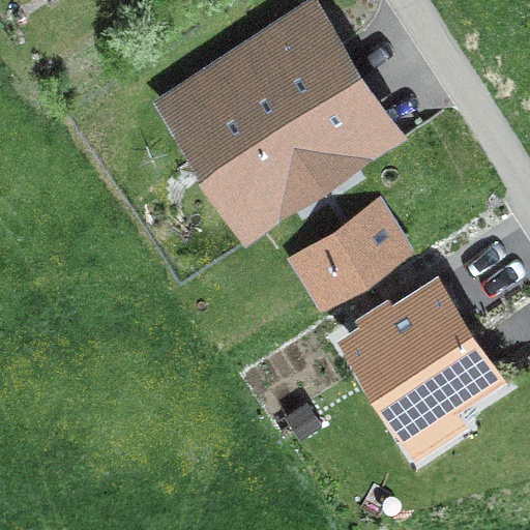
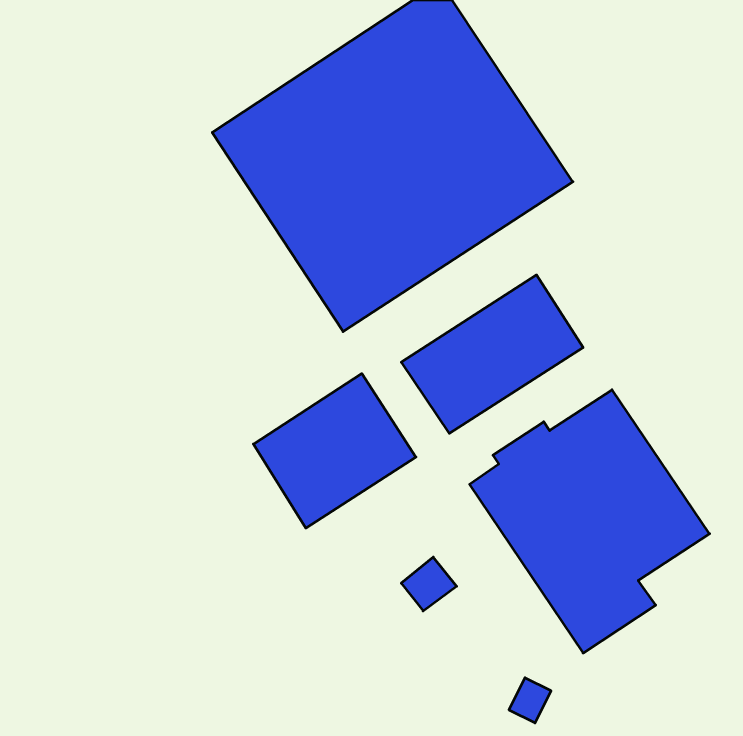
building: none -> [253,374,416,528]

